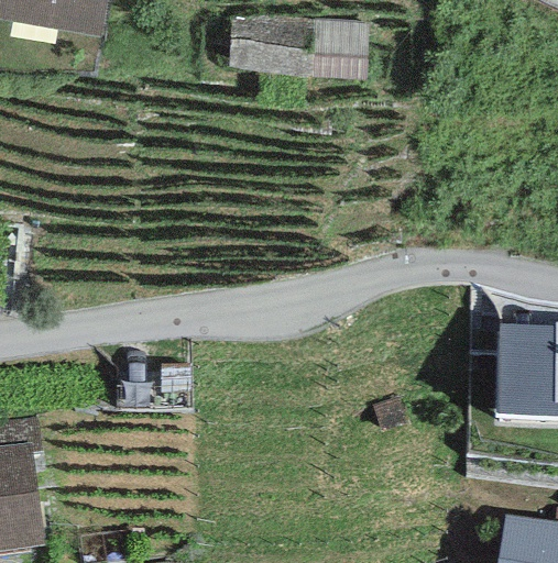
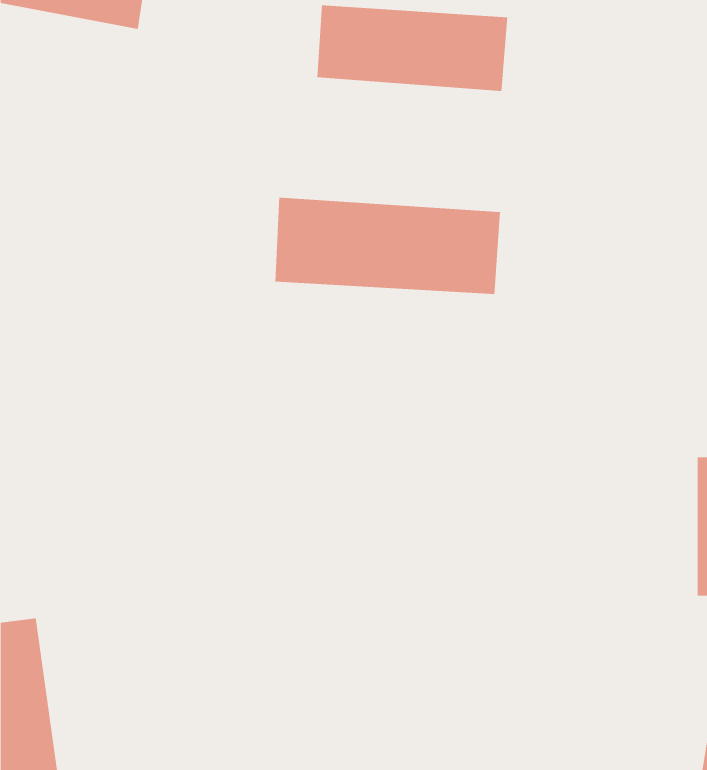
building: none -> [275,197,500,295]

